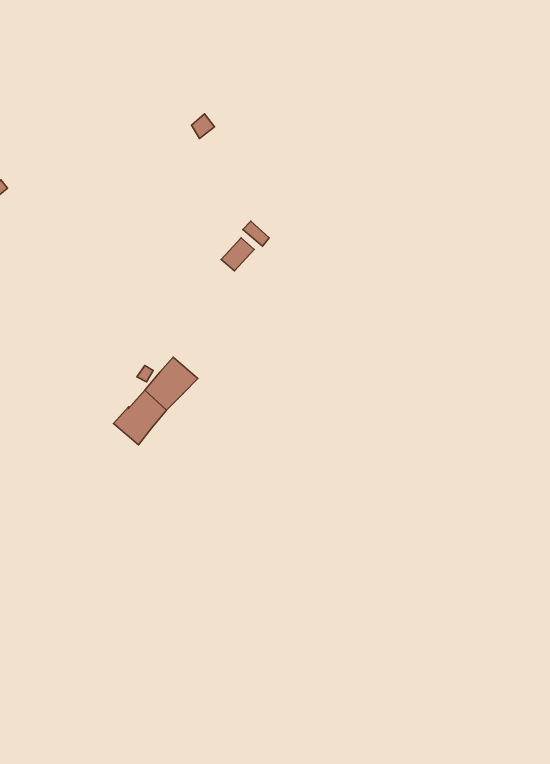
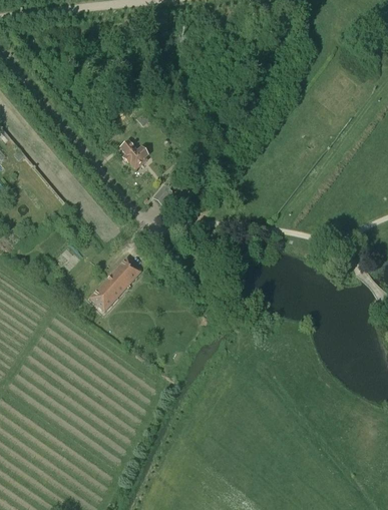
building: none -> [121,140,147,168]

